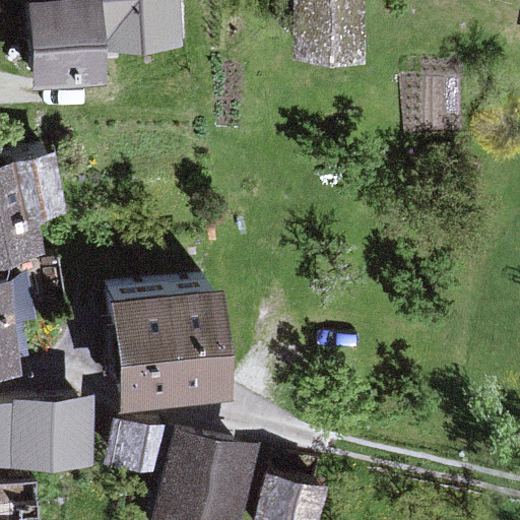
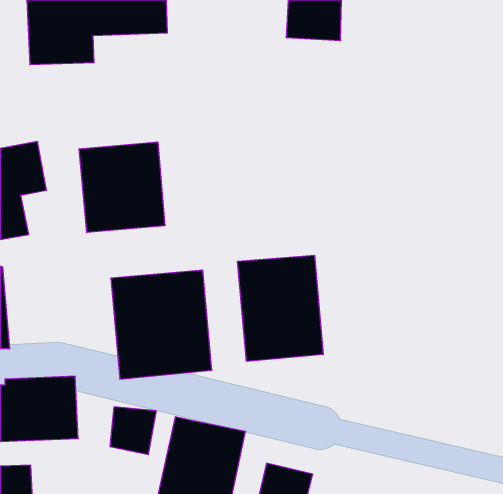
building: none -> [79,142,165,233]
building: none -> [238,255,323,361]

